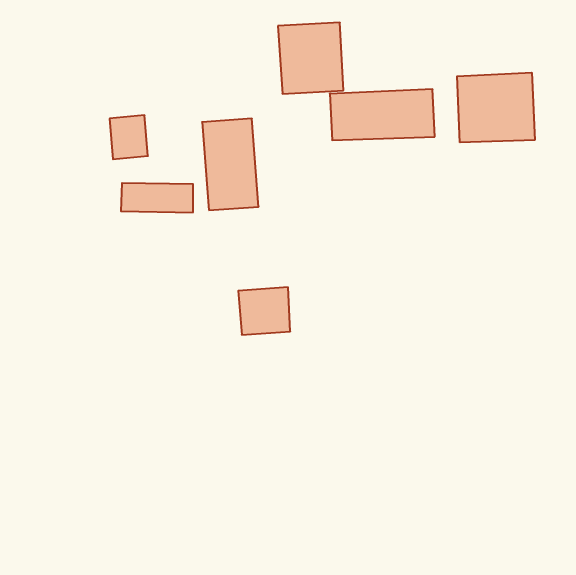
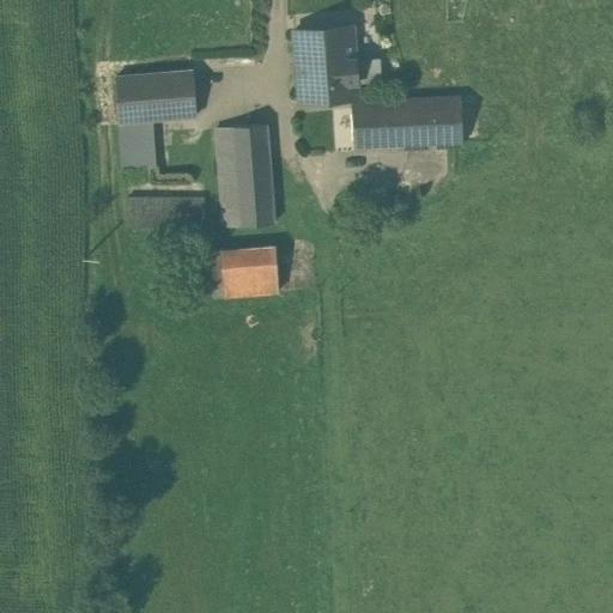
building: none -> [116,72,196,121]
building: [457,73,535,142] -> none
building: [238,287,290,335] -> [223,247,278,297]

